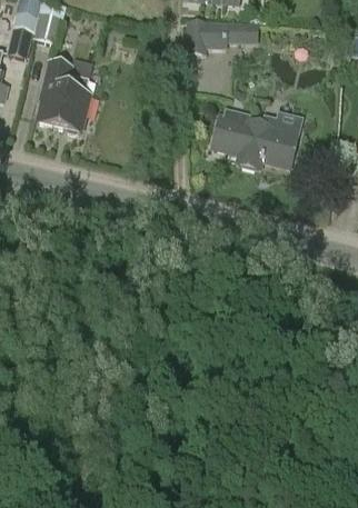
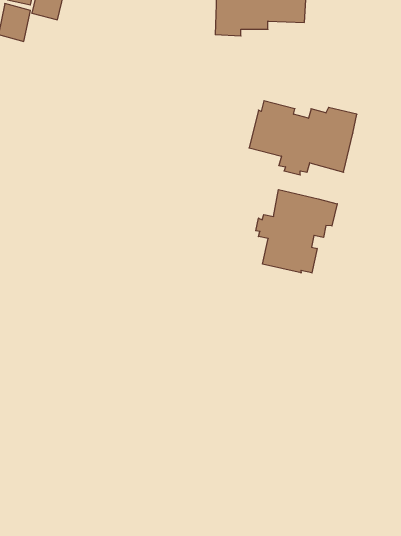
building: [37,59,89,133] -> none
building: none -> [256,190,337,273]

